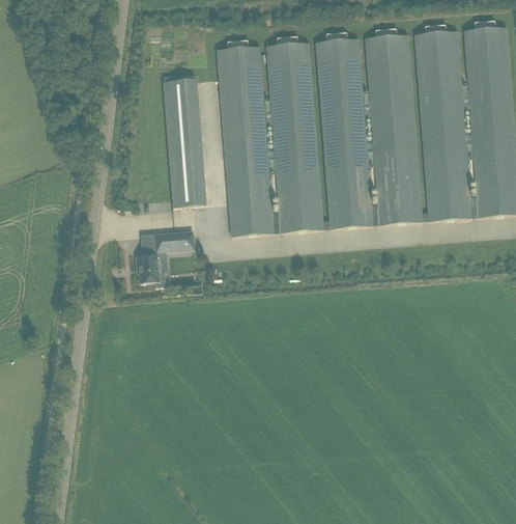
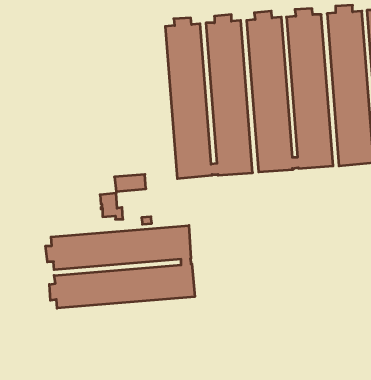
building: [163,80,206,208] -> none
building: none -> [46,225,195,308]

